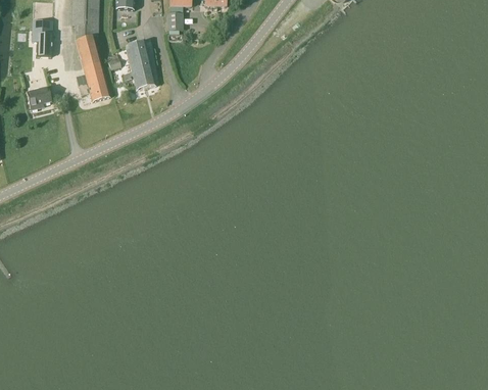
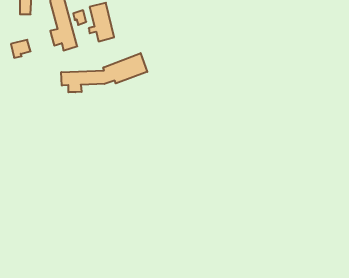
building: none -> [61,53,147,92]

